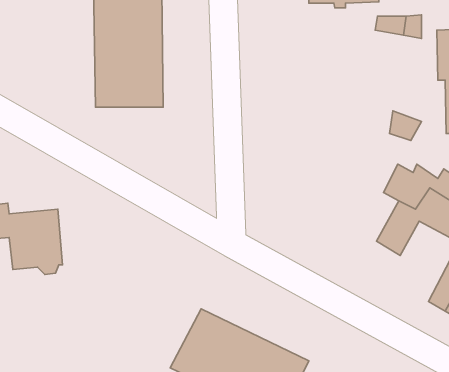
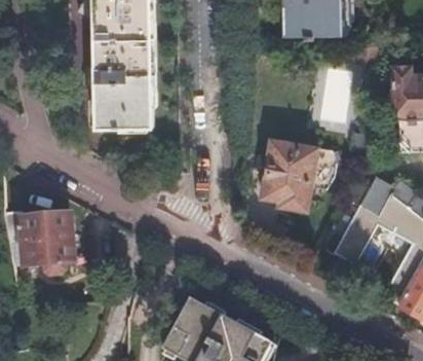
building: none -> [263,141,335,212]

